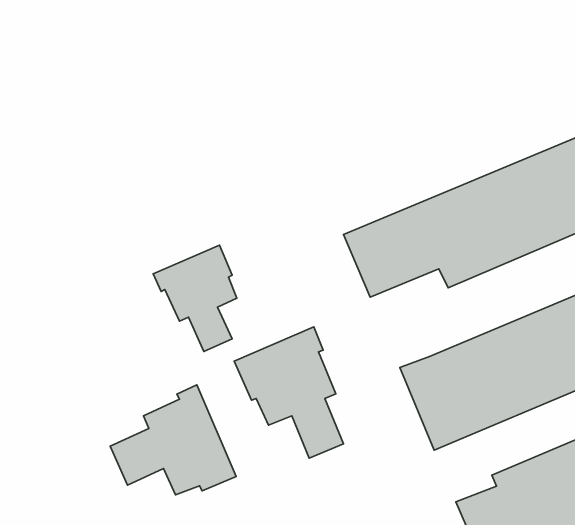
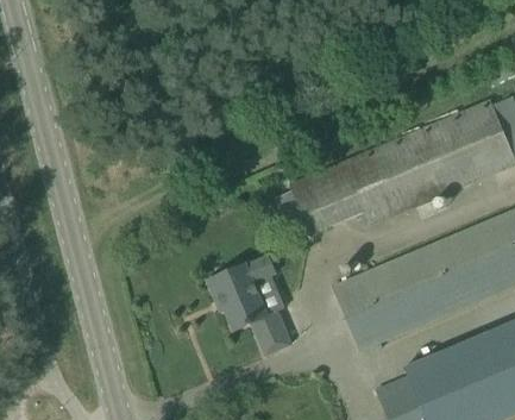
building: [153,245,237,352] -> none
building: [110,385,236,495] -> none

